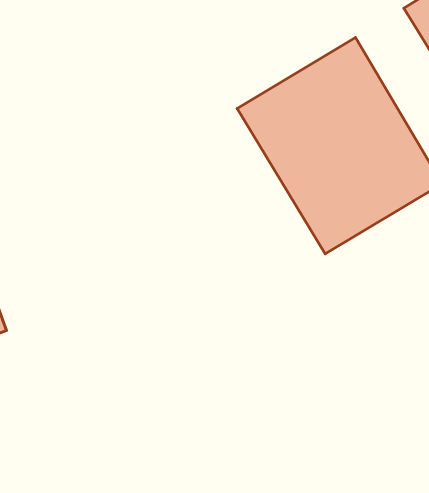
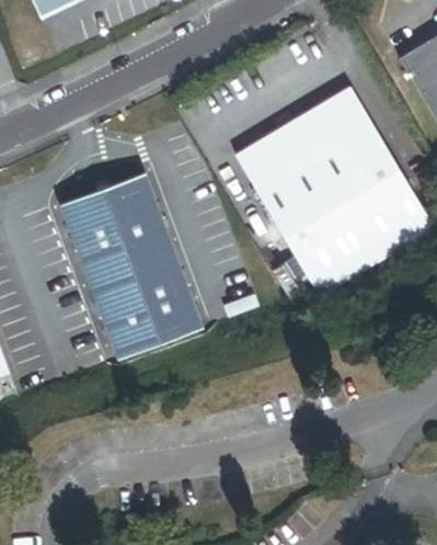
building: none -> [62,172,206,361]

